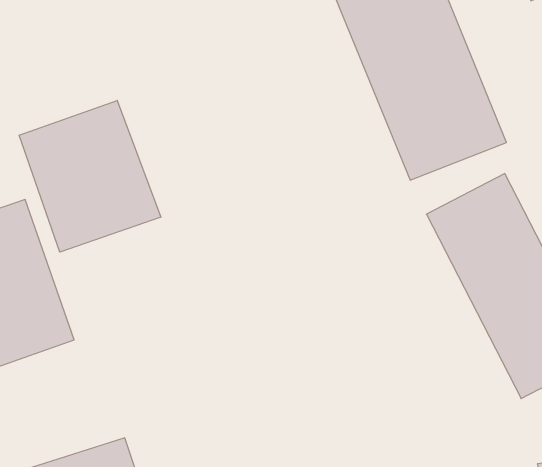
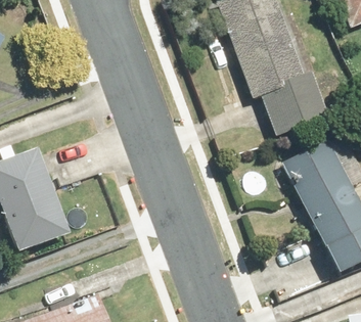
building: [19,100,161,252] -> none

